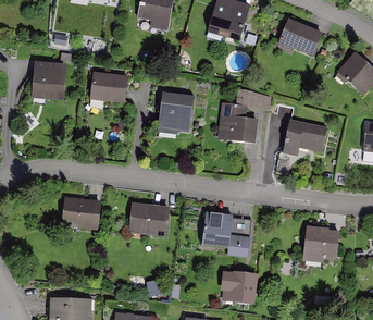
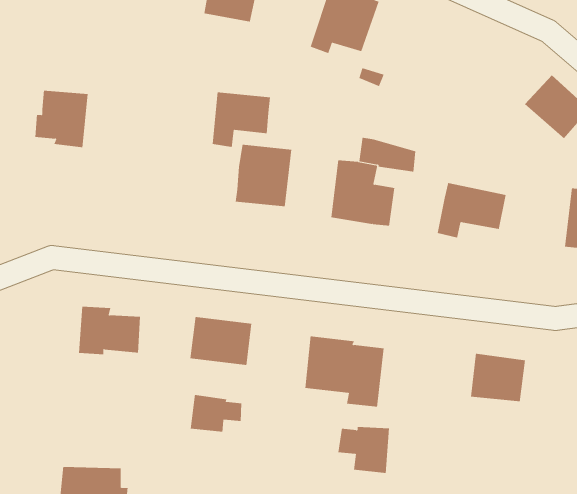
building: [277,21,323,58] -> none
building: [90,73,127,108] -> [212,92,271,148]
building: none -> [190,394,242,432]

